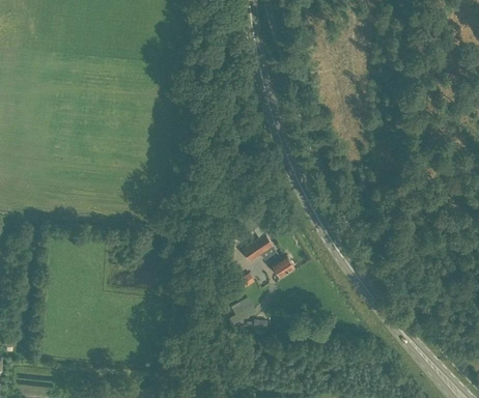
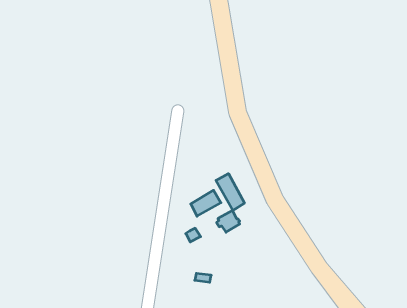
building: none -> [216,174,244,211]

